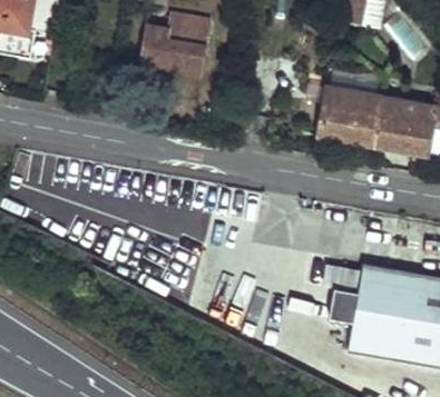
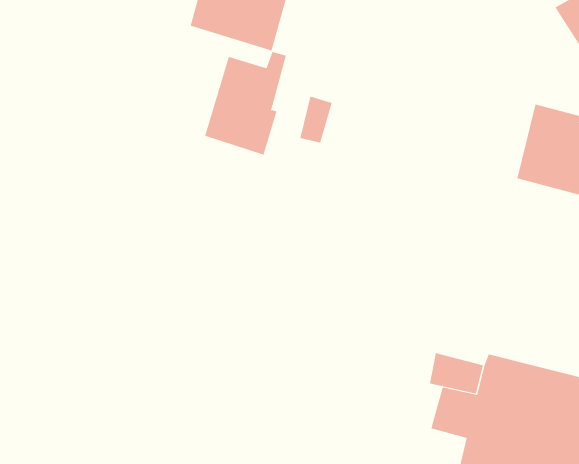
building: none -> [205,51,287,155]
building: [315,86,379,146] -> none

